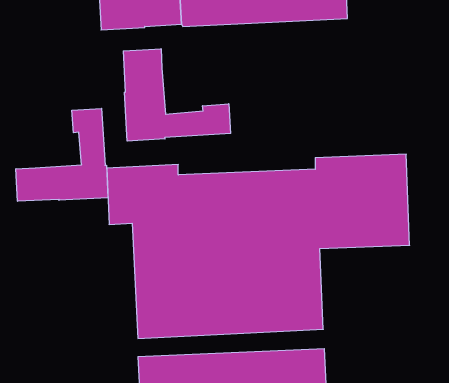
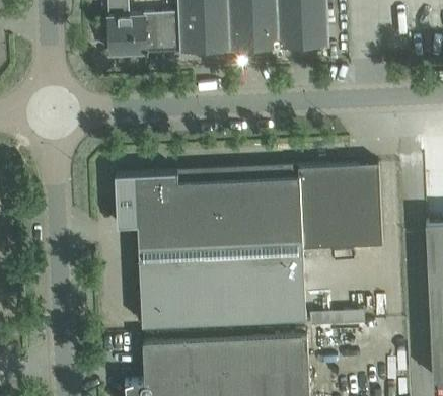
building: [123,49,231,141] -> none
building: [16,108,108,201] -> none

